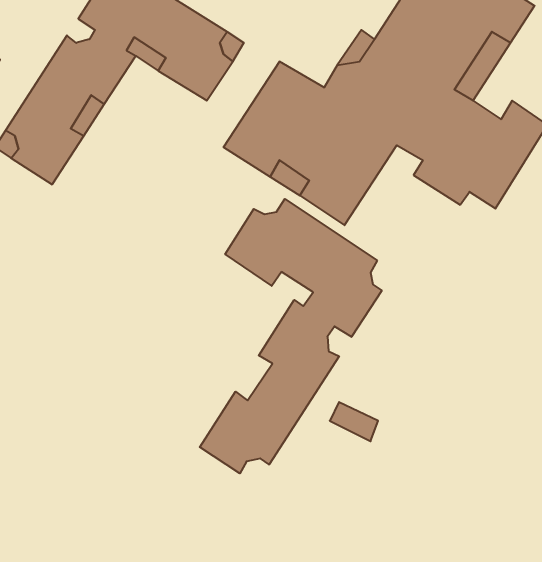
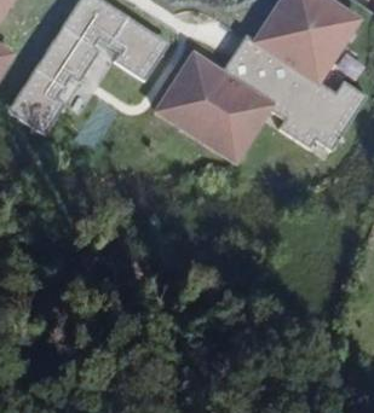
building: [200,199,382,473] -> none

